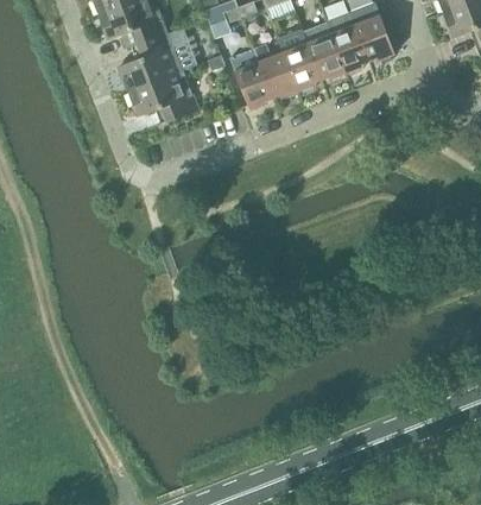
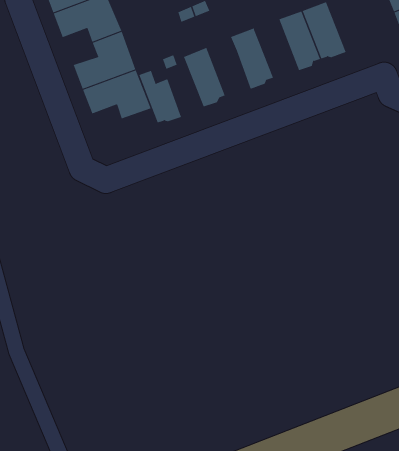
building: [302,20,346,80] -> none
building: [253,44,297,97] -> [139,70,182,123]

